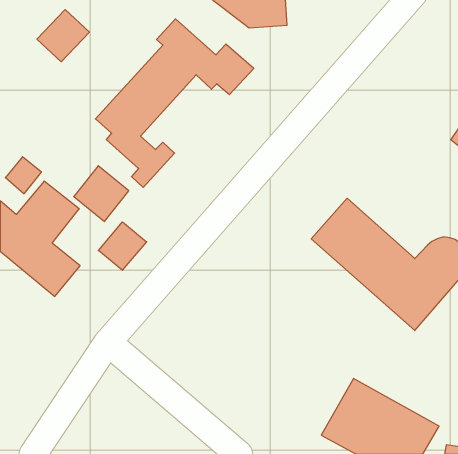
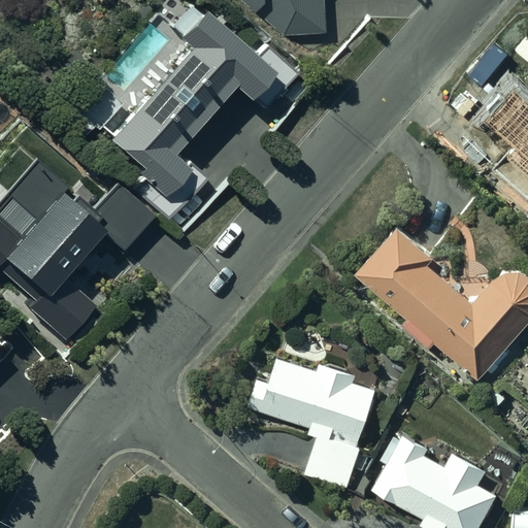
building: [37,10,89,62] -> none
building: [98,222,147,270] -> none
building: none -> [251,345,381,490]

